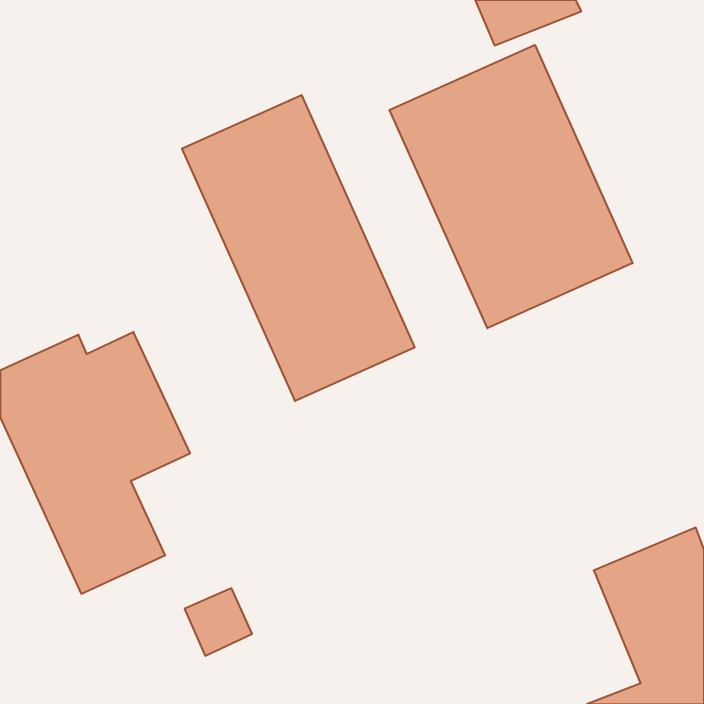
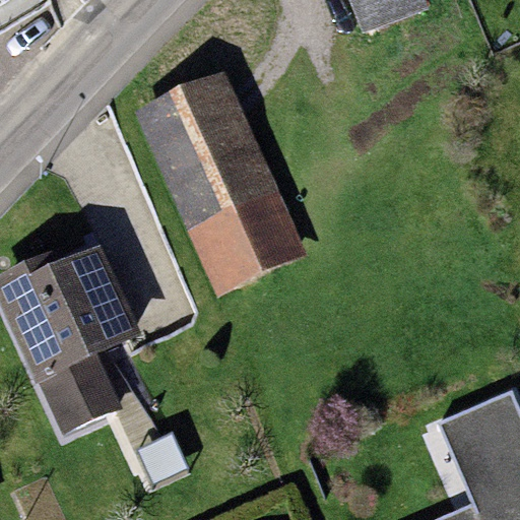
building: [390,45,633,328] -> none

